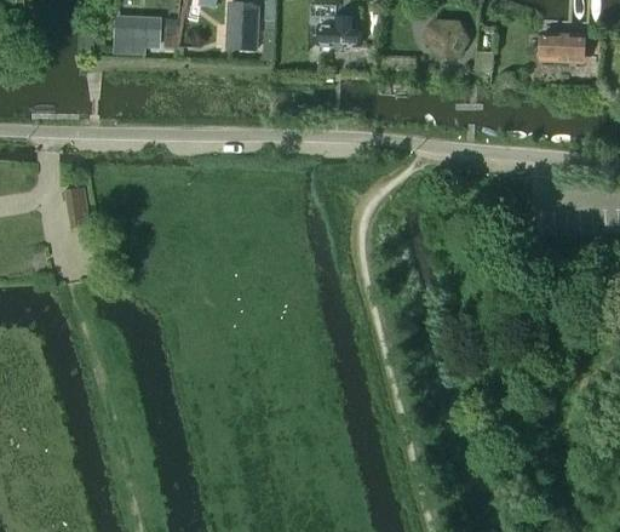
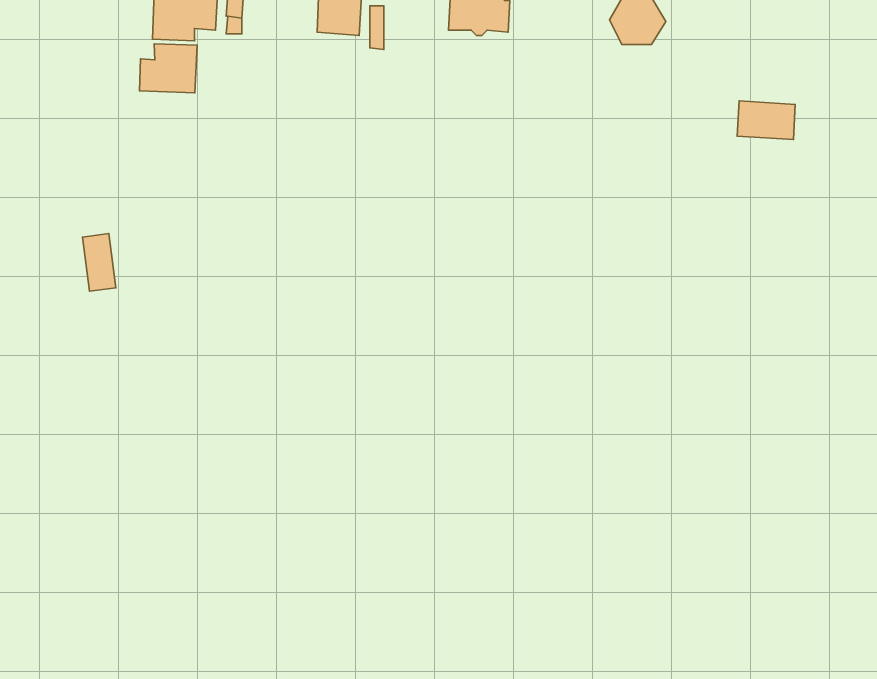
building: [542,33,582,59] -> [737,101,795,140]
building: none -> [140,44,197,93]

